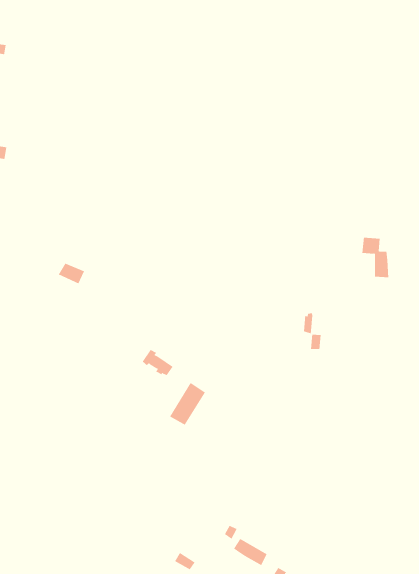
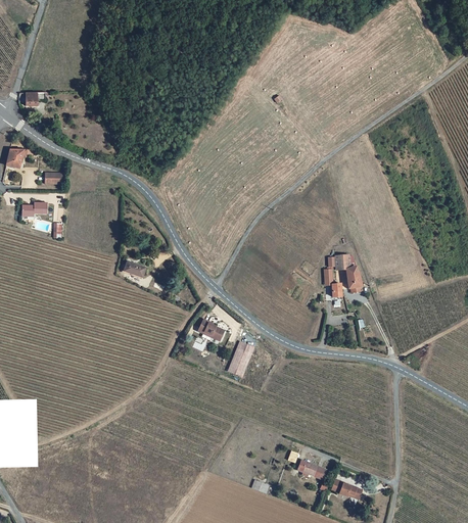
building: [362,237,389,278] -> [335,256,362,288]

